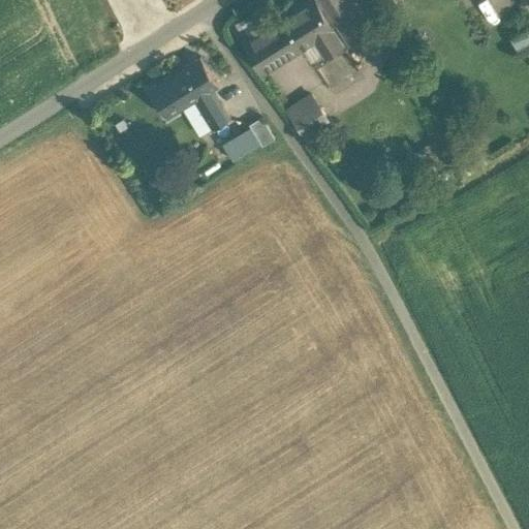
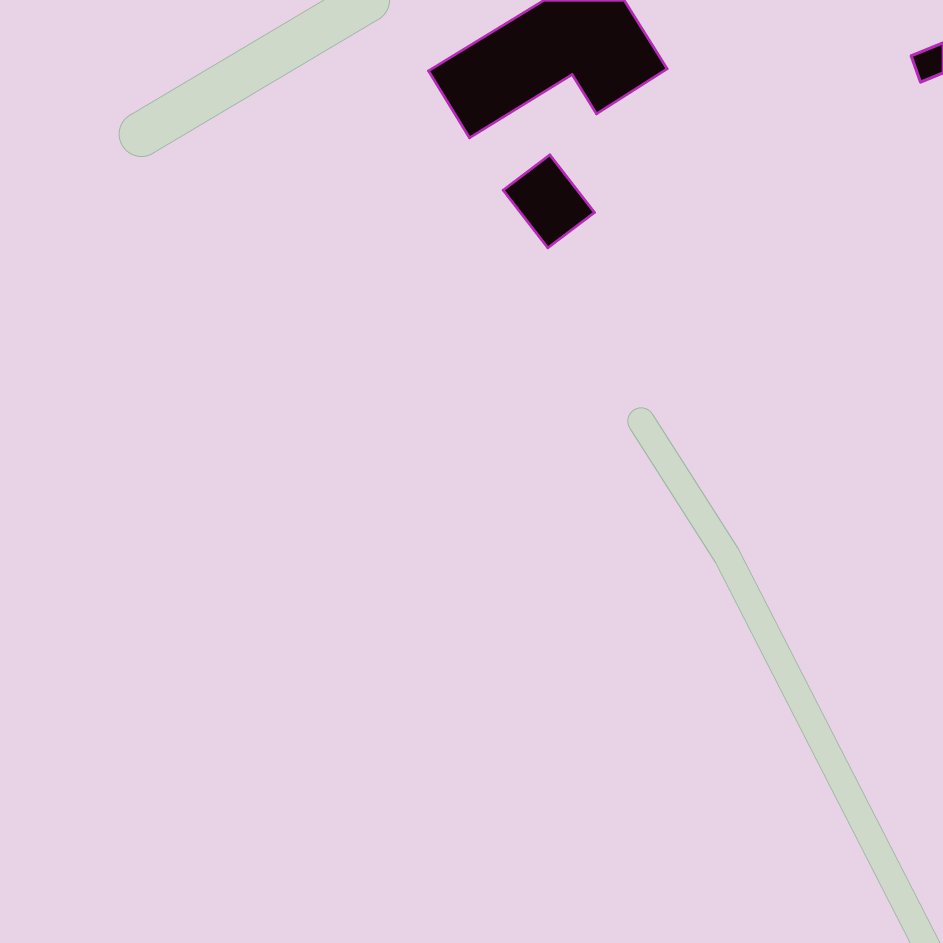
building: [158,59,229,132] -> none
building: [217,119,270,163] -> none

